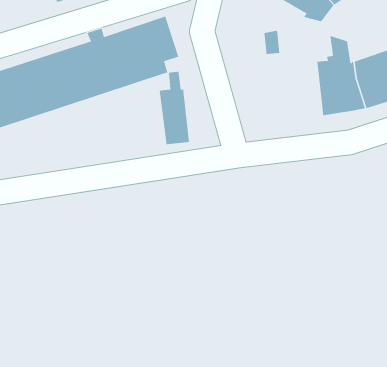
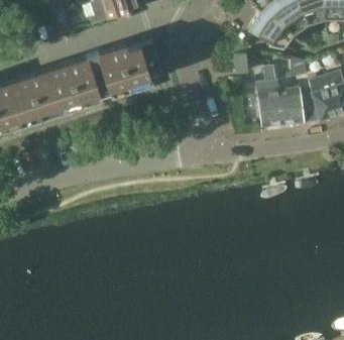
building: [159,71,190,145] -> [256,64,282,125]

